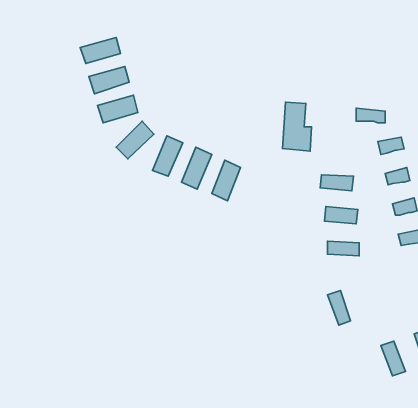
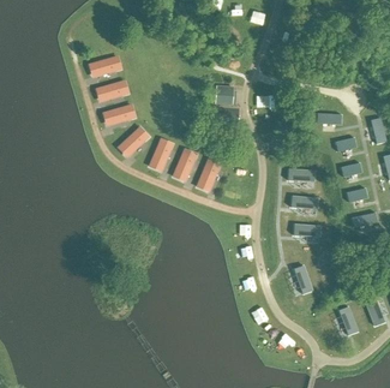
building: [283,102,312,151] -> [215,85,239,126]

